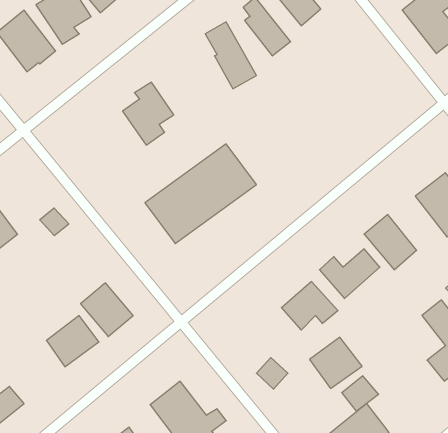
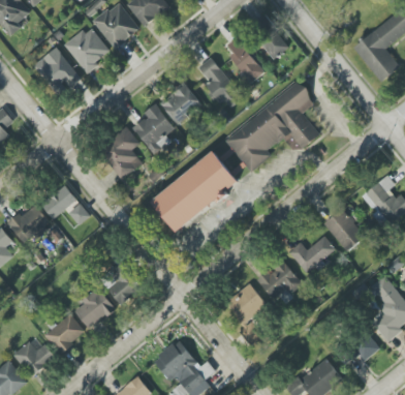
building: none -> [225,82,319,172]
building: none -> [160,83,199,125]
building: none -> [98,127,143,179]
building: none -> [41,185,77,217]
building: [310,337,362,388] -> [226,283,268,324]
building: none -> [45,313,86,353]
building: [342,376,379,411] -> [351,334,380,362]

